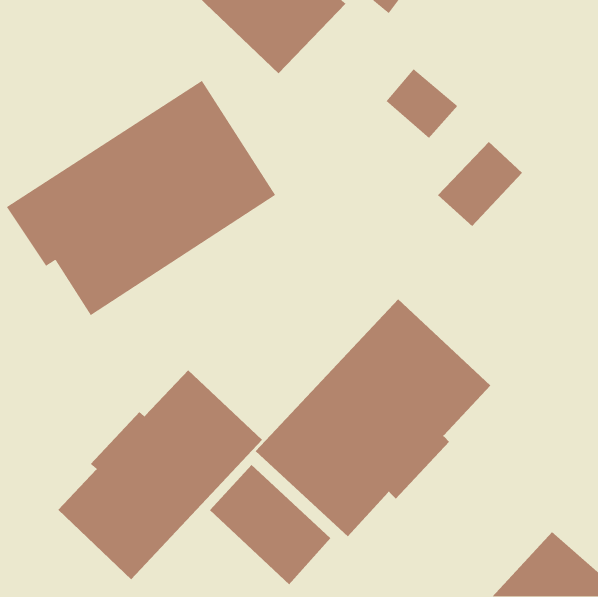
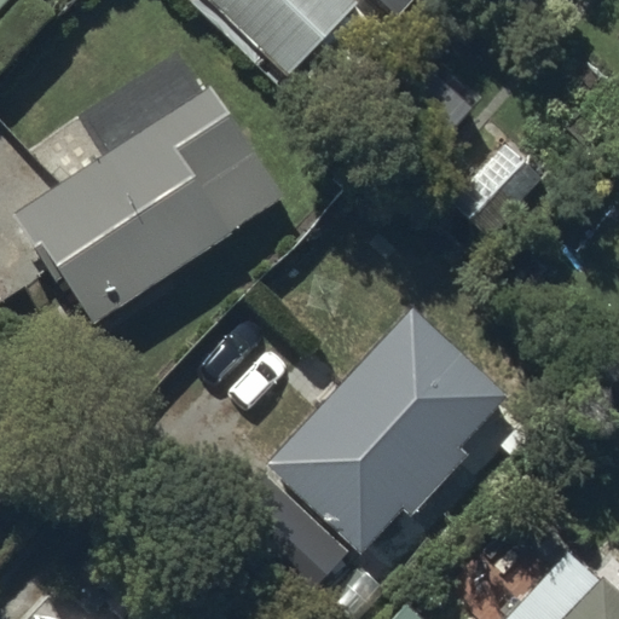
building: [57,369,263,580] -> none

